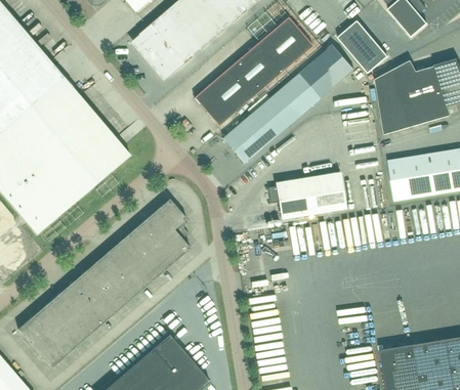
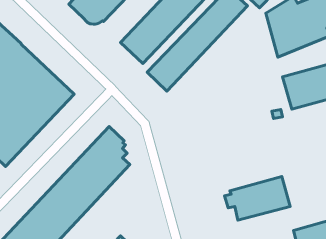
building: [267,171,346,219] -> [225,176,290,220]

